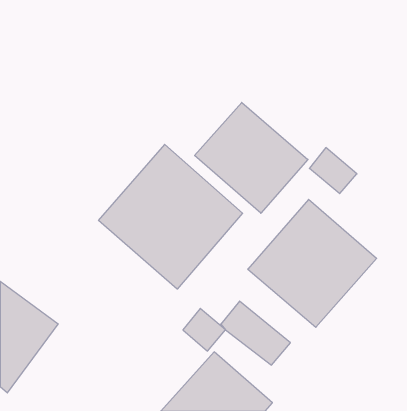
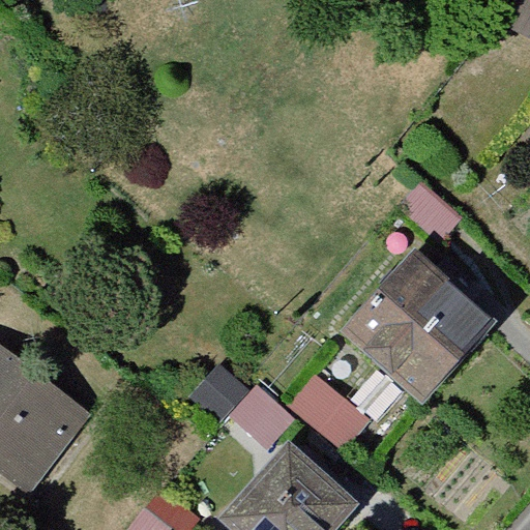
building: [195,102,308,213] -> none
building: [99,144,243,289] -> none

